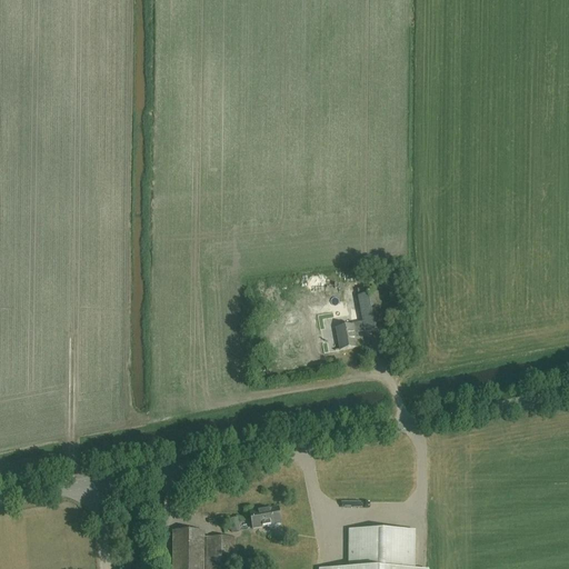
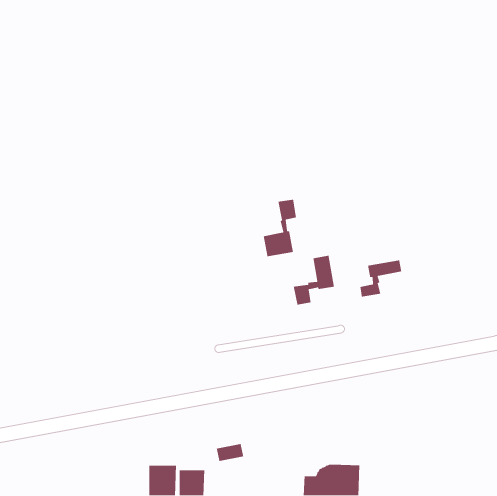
building: none -> [263,199,297,257]
building: none -> [360,259,402,298]

